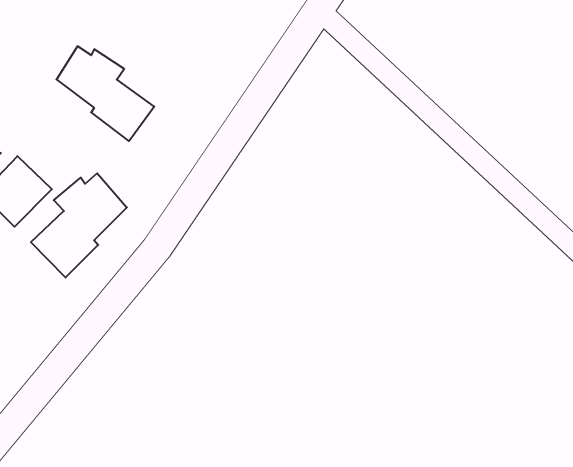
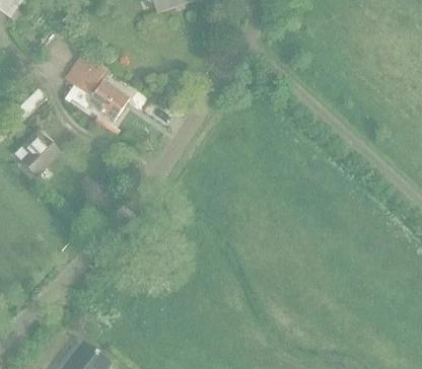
building: [31,173,127,278] -> none

